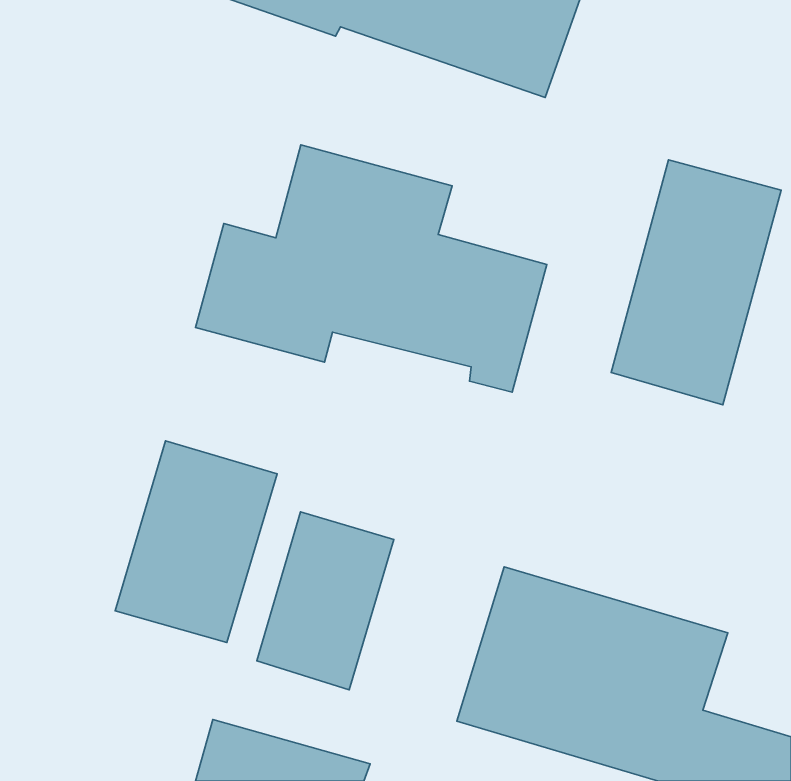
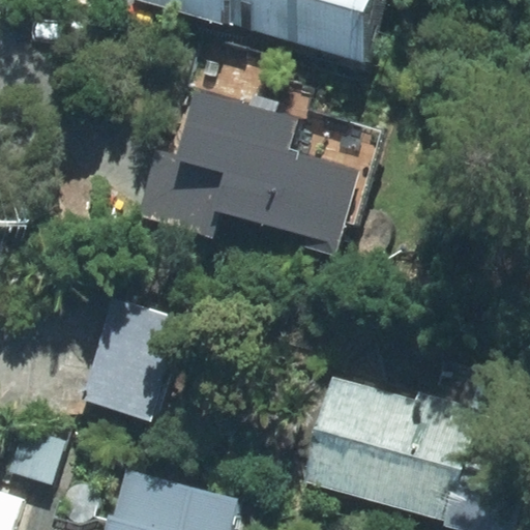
building: [611,160,781,405] -> none
building: [257,512,394,690] -> none

